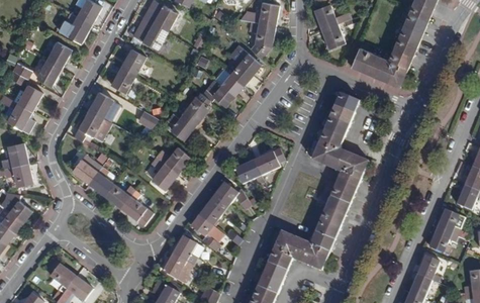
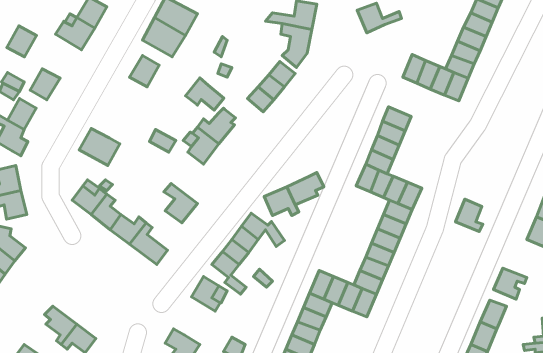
building: [321,22,345,48] -> none
building: [46,41,72,68] -> [7,26,37,57]
building: [110,67,135,93] -> none
building: [201,79,233,106] -> [186,78,224,110]
building: [88,91,113,118] -> none
building: [156,146,191,174] -> none
building: [437,209,460,236] -> [455,199,483,231]
building: [162,252,193,283] -> none

